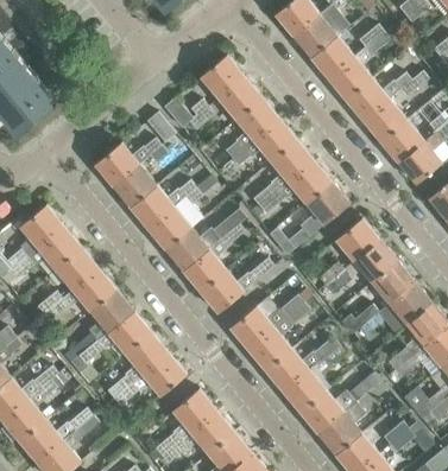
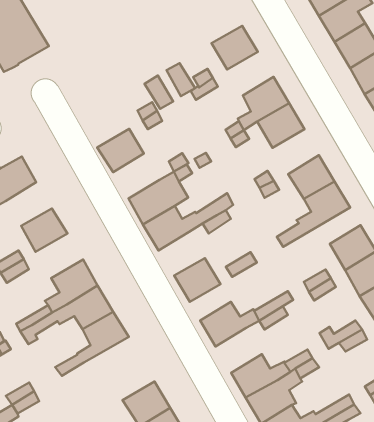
building: [217,77,260,119] -> none
building: [270,140,313,183] -> none
building: [94,142,138,186] -> none
building: [130,185,172,228] -> none
building: [37,227,80,268] -> none
building: [182,249,225,291] -> none
building: [71,268,115,311] -> none
building: [247,327,290,370] -> none
building: [113,352,185,406] -> none

